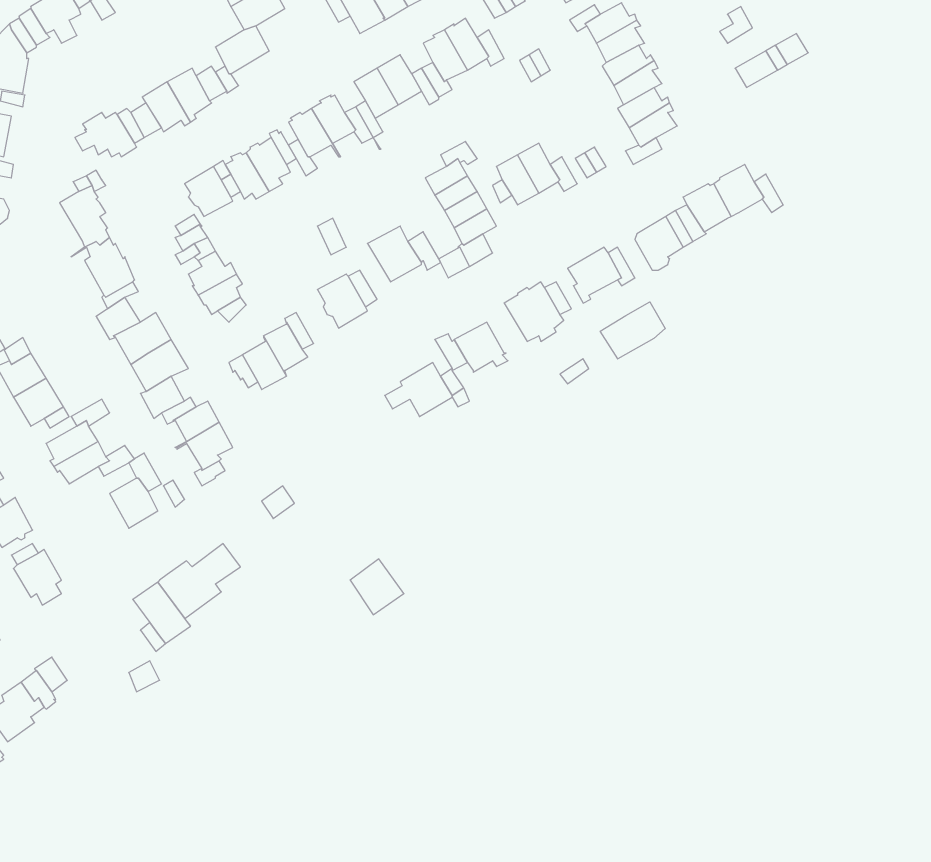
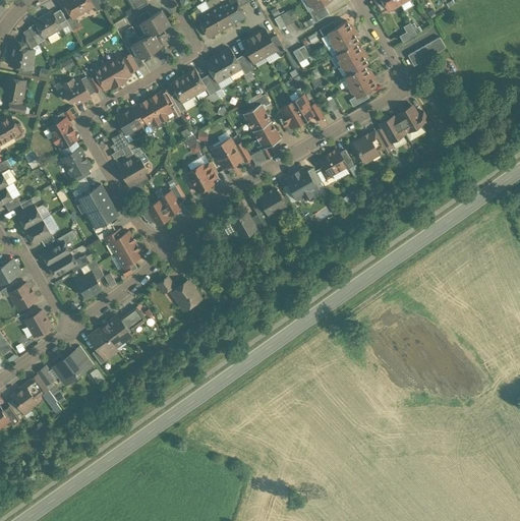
building: [600,302,665,359] -> none
building: [350,559,404,615] -> [172,281,200,310]
building: none -> [54,348,90,384]

